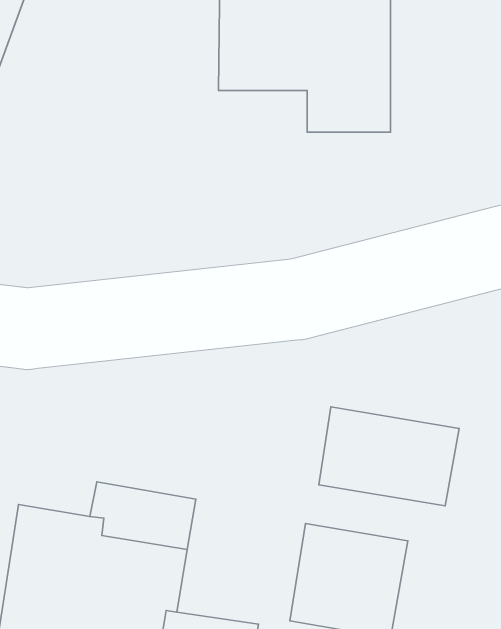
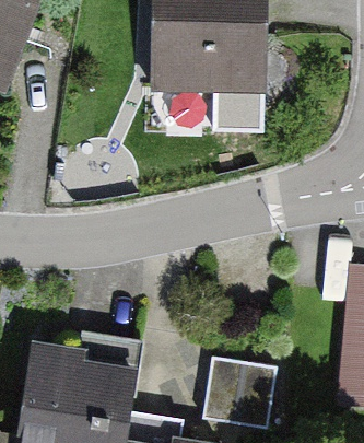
building: [319,407,459,506] -> none

